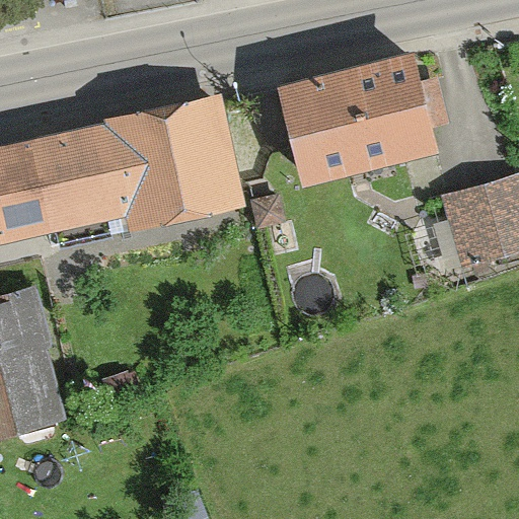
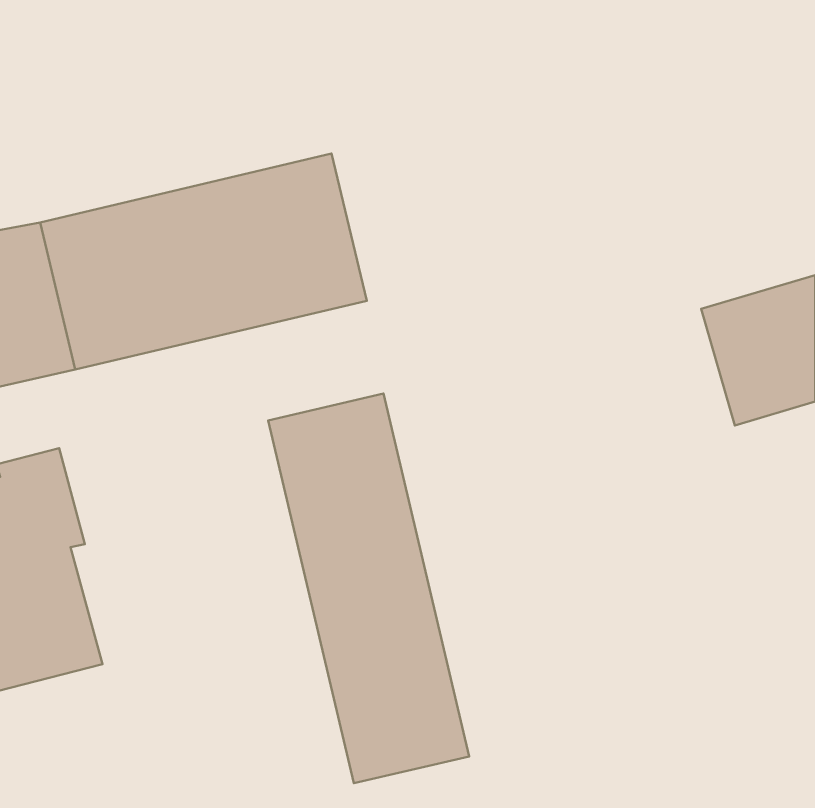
building: [278,55,439,188] -> none
building: none -> [268,394,469,783]

